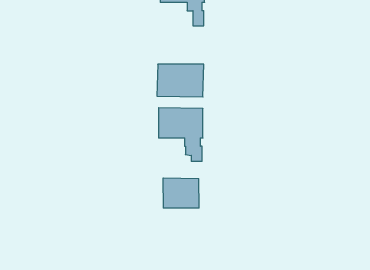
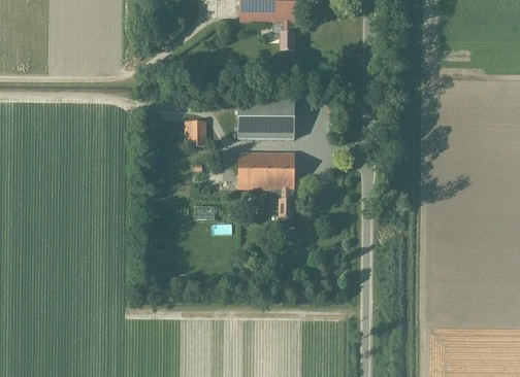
building: none -> [186,119,207,145]
building: [163,178,199,208] -> none

